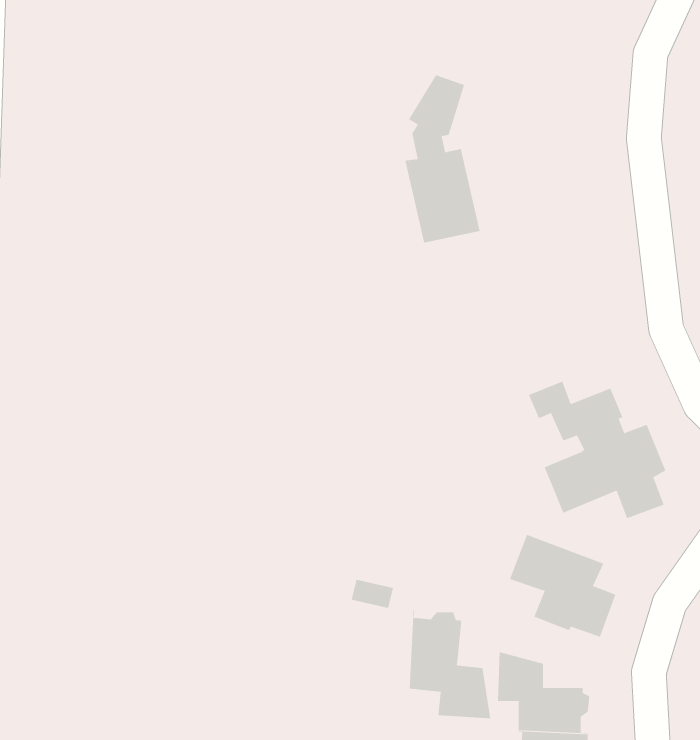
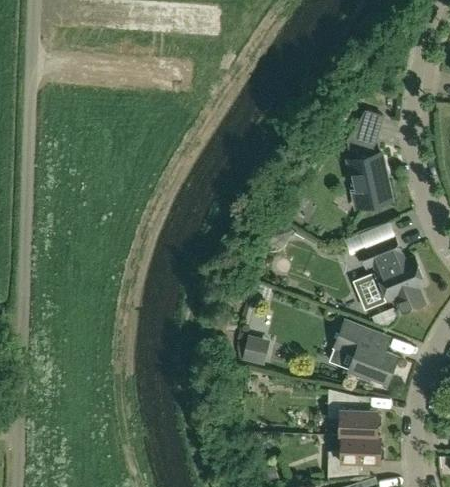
building: [405,74,480,243] -> [347,110,391,208]
building: [409,609,491,719] -> none

